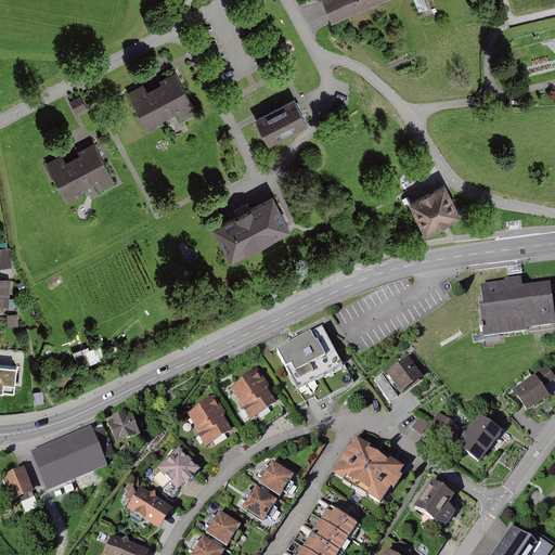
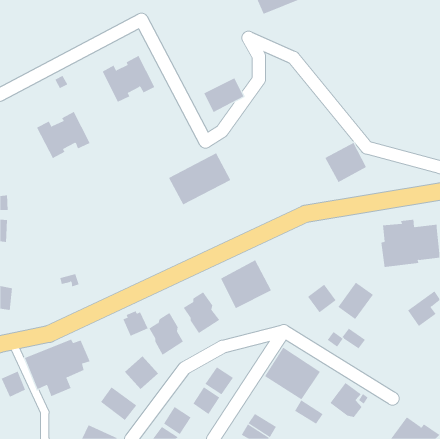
building: [106,412,139,444] -> [123,310,148,336]
building: [456,414,502,462] -> [337,282,374,320]
building: [320,505,357,537] -> [294,400,323,425]

